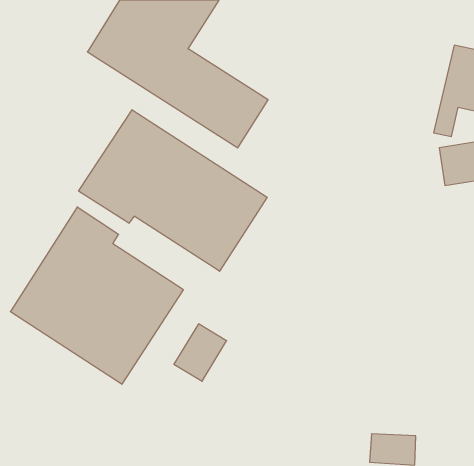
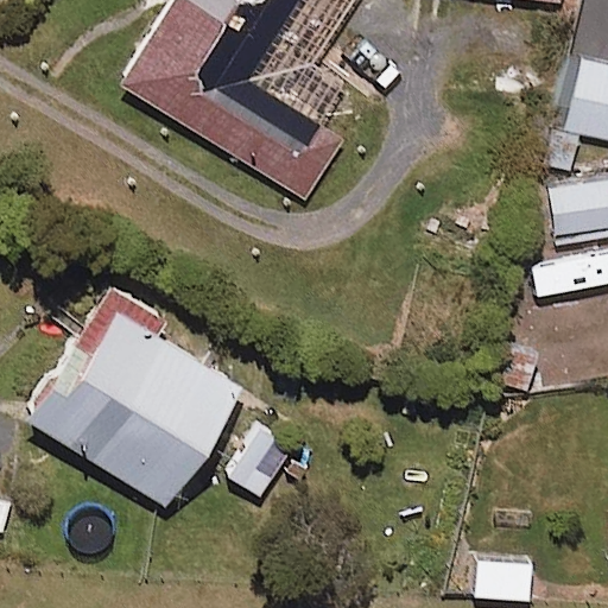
building: [79,110,267,271] -> none

